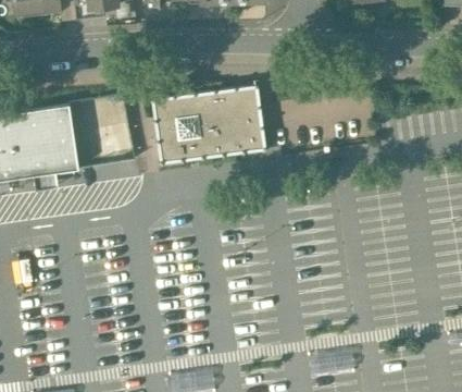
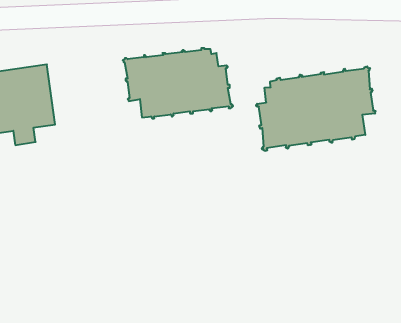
building: none -> [256,66,376,151]

